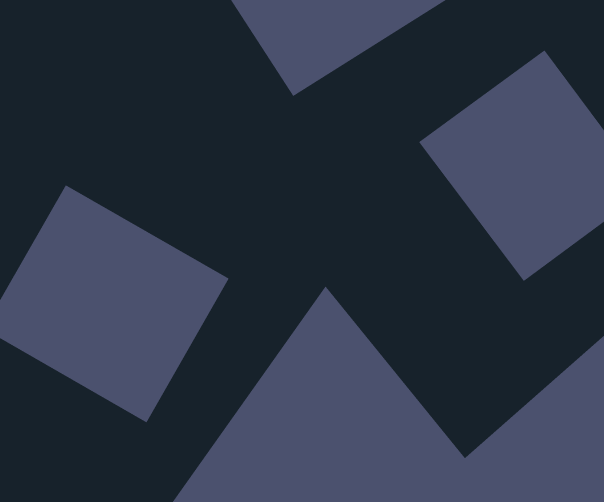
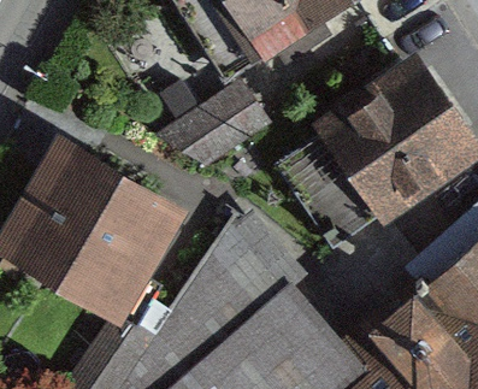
building: none -> [160,82,272,166]

